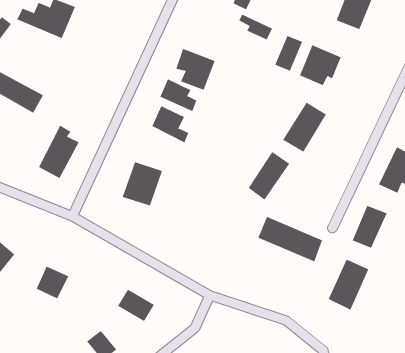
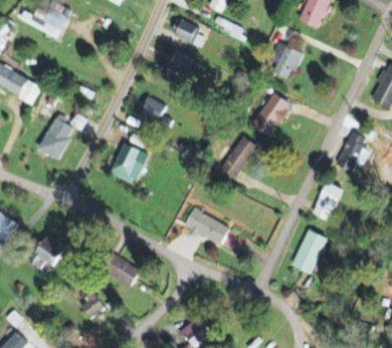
building: [275,35,303,71] -> none
building: [160,79,197,112] -> [171,18,204,47]
building: [257,216,323,262] -> [183,210,240,250]

